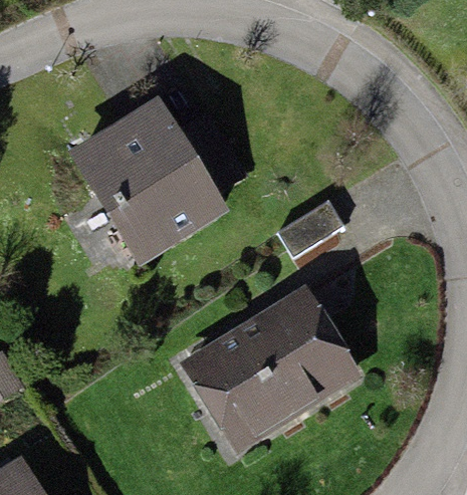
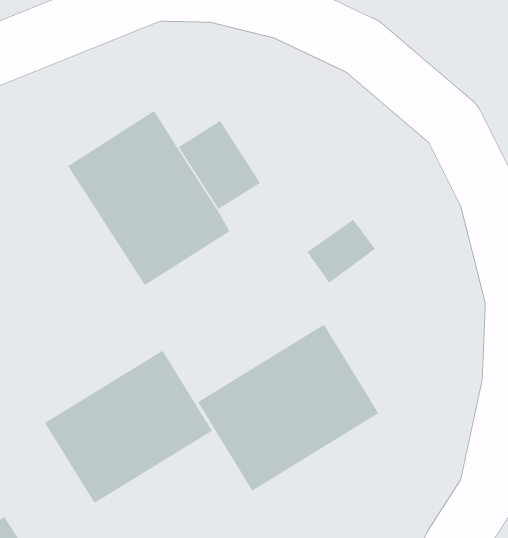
building: none -> [44,350,213,504]

